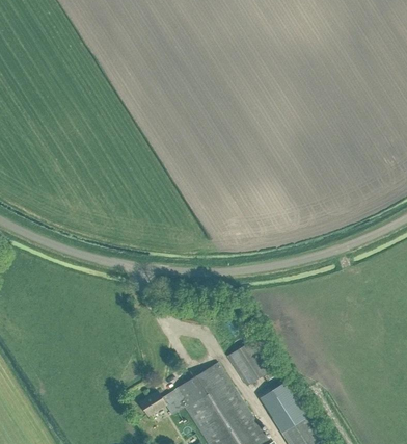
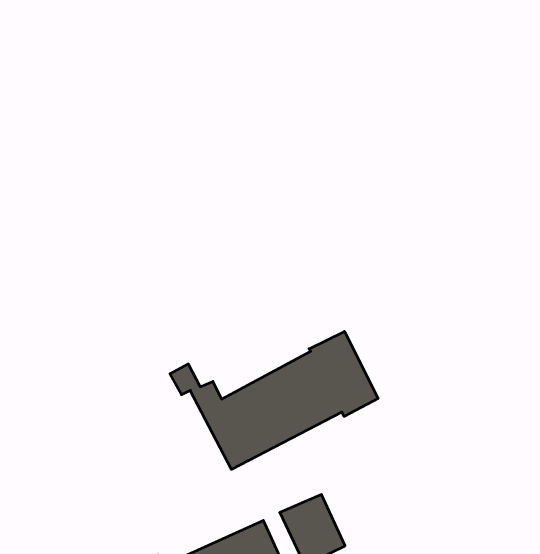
building: none -> [170,331,378,469]

